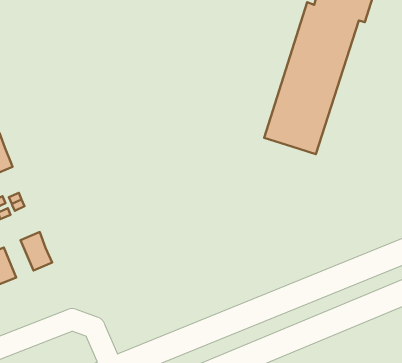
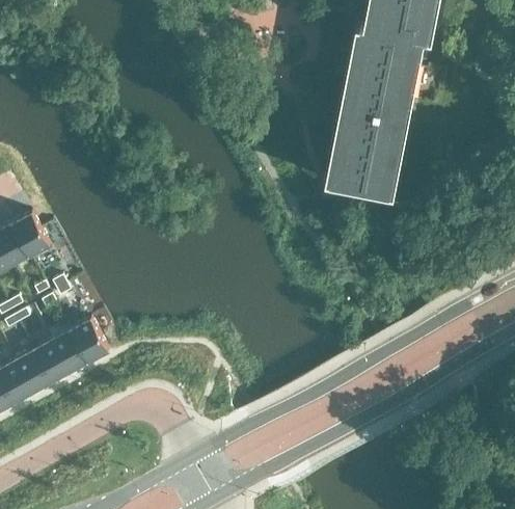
building: none -> [52,329,88,372]

